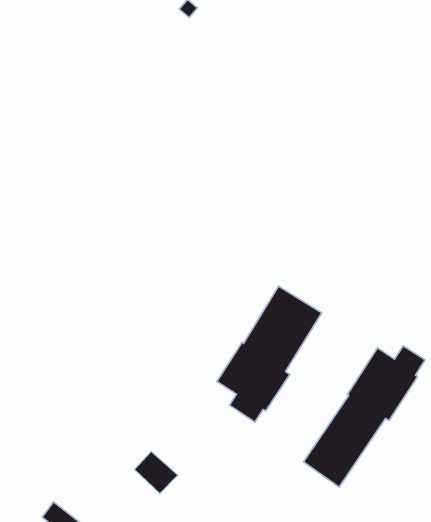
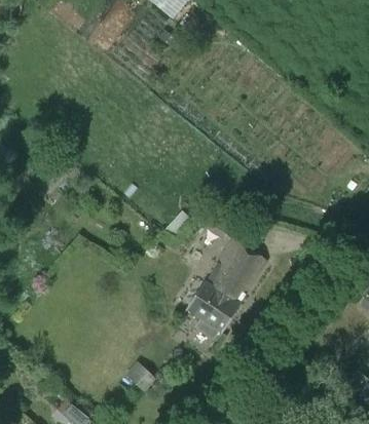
building: [303,346,425,487] -> none

